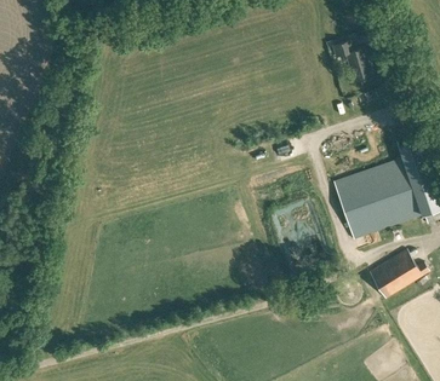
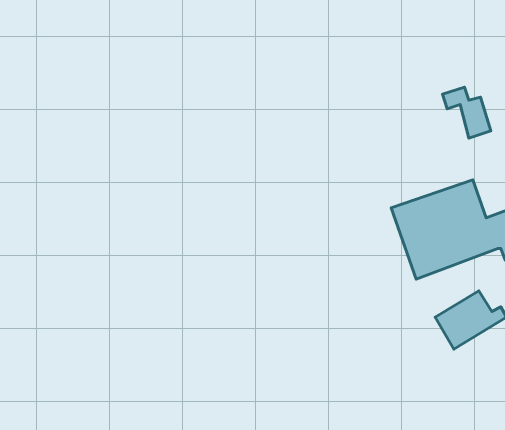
building: [331,39,371,81] -> [443,87,491,138]

